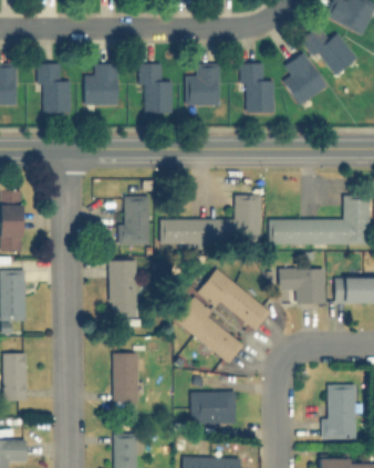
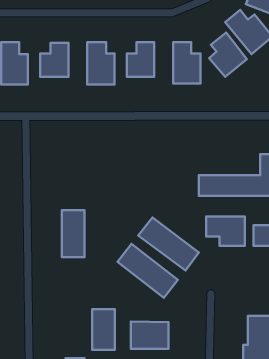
building: [121,196,149,246] -> none
building: [160,196,261,245] -> none
building: [112,354,138,402] -> [92,309,115,350]

